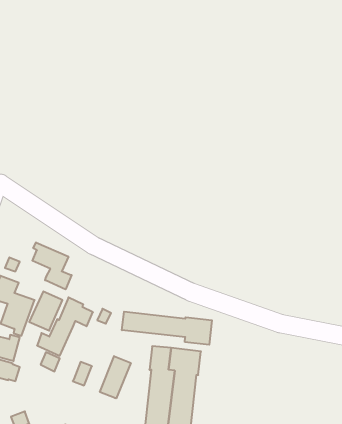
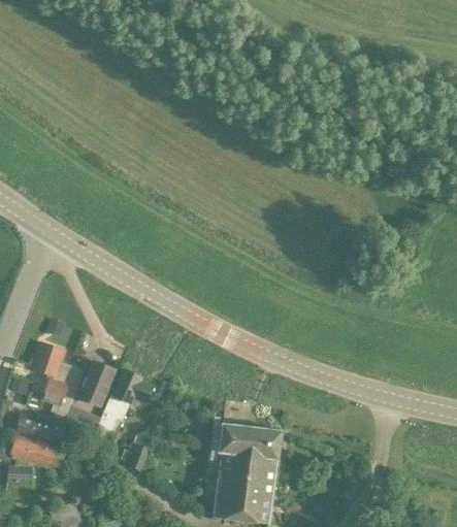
building: [32,242,72,289] -> none
building: [122,312,212,345] -> none
building: [100,356,131,398] -> none

